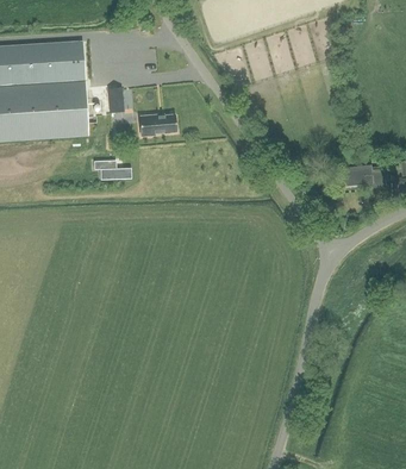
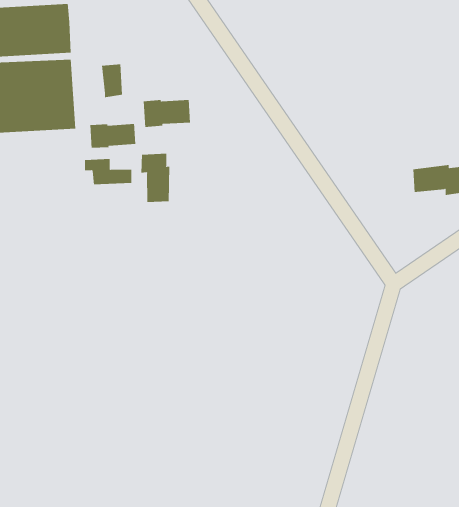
building: none -> [90,123,136,149]
building: none -> [141,153,170,203]

